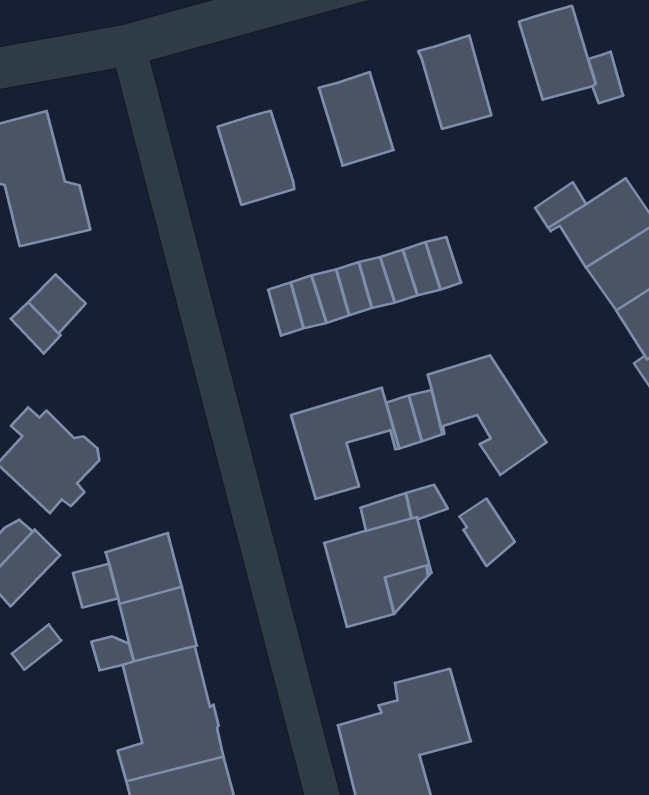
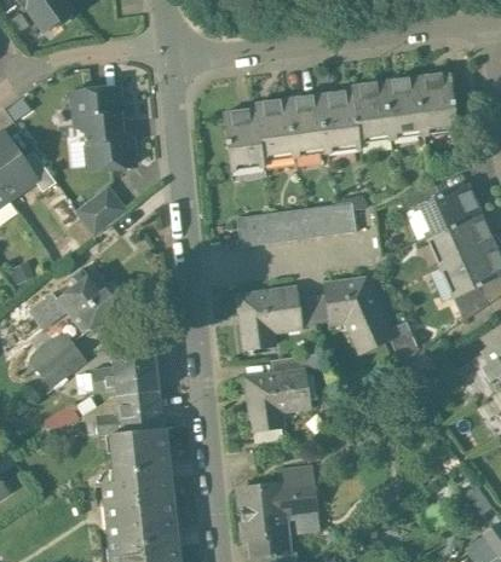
building: none -> [382,77,421,132]
building: none -> [318,91,357,144]
building: none -> [254,99,293,153]
building: [459,499,515,566] -> [388,320,420,361]

